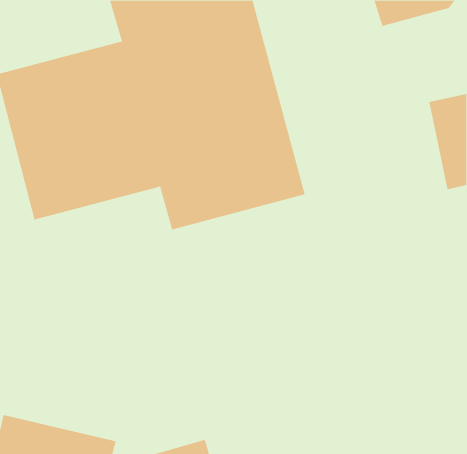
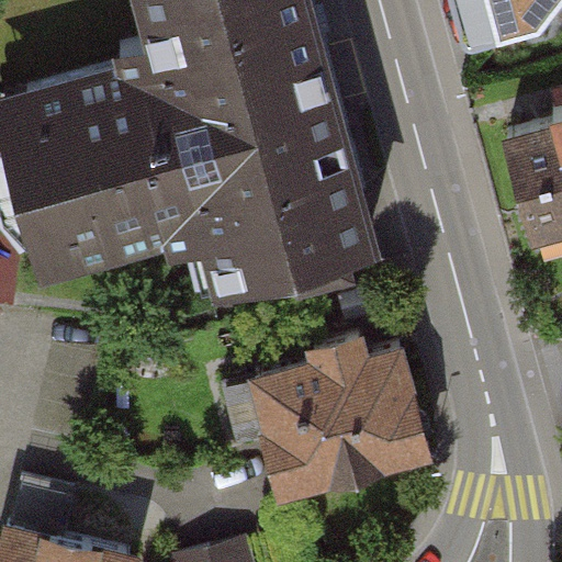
building: none -> [251,326,431,497]

